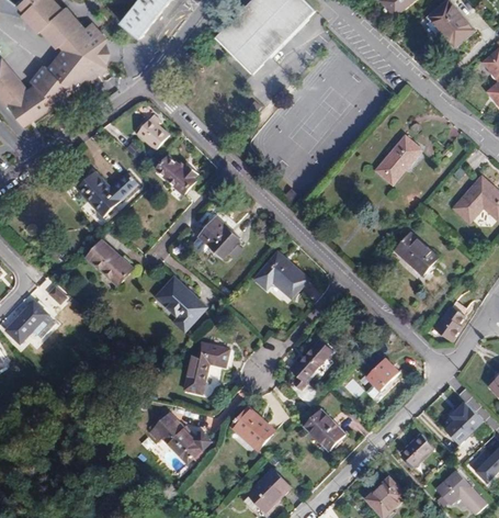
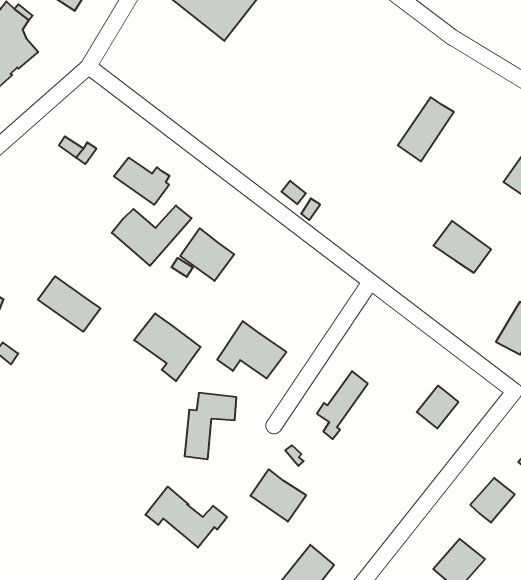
building: [136,115,169,149] -> none
building: [76,171,138,216] -> [112,205,192,266]
building: [254,251,308,297] -> [217,321,286,378]
building: [304,408,344,450] -> none

